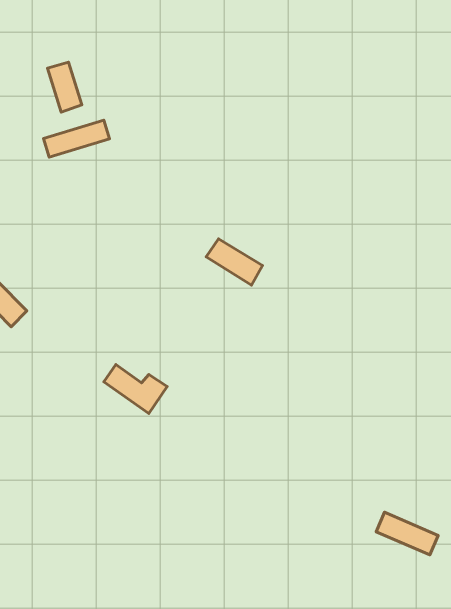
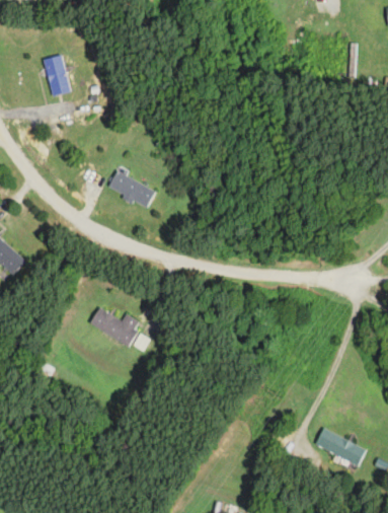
building: [43,120,110,157] -> none
building: [206,239,262,285] -> [108,170,155,209]

